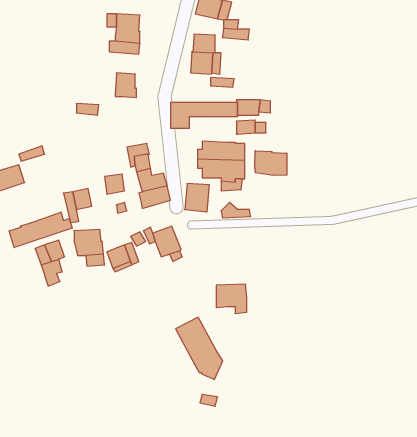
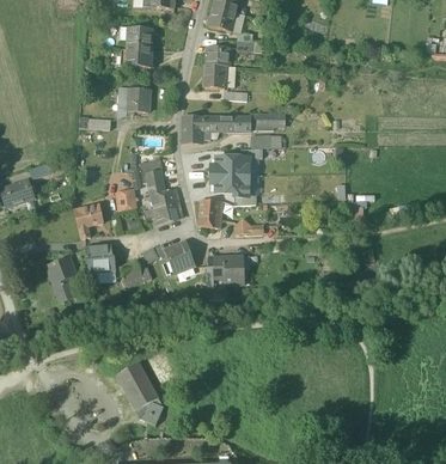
building: [255,151,287,175] -> none
building: [9,212,72,248] -> none
building: [216,284,247,313] -> [213,256,244,286]
building: [176,317,223,380] -> [116,362,164,426]

